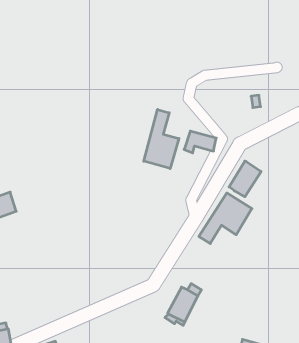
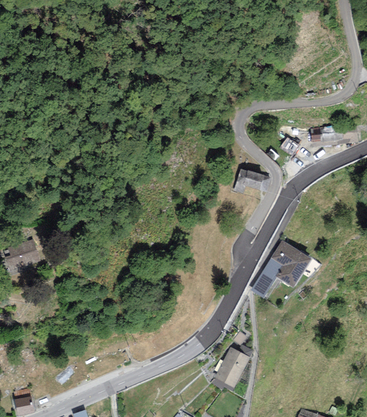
building: [144,109,179,169] -> none
building: [229,161,261,197] -> none

